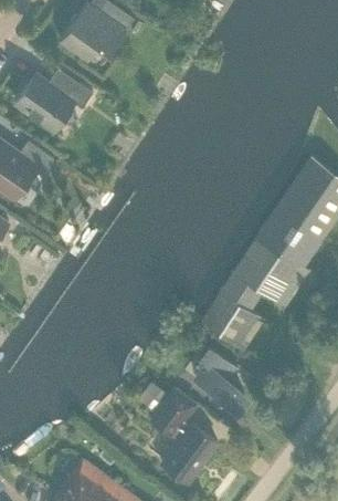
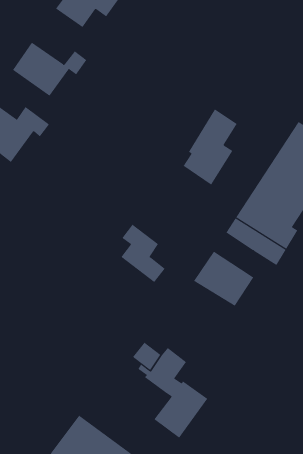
building: none -> [183,109,238,186]
building: [222,271,263,309] -> none
building: [197,346,243,407] -> [120,224,165,283]

